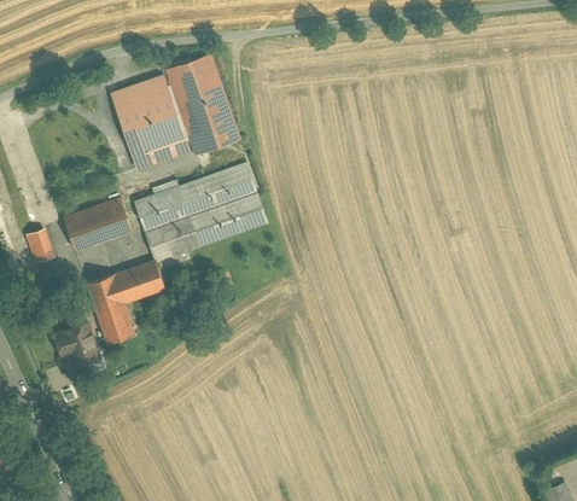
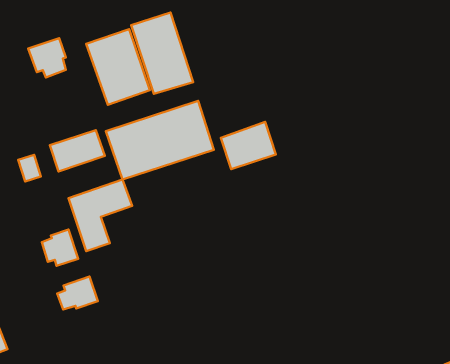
building: none -> [28,38,66,77]
building: none -> [221,122,276,169]
building: none -> [57,277,98,310]

